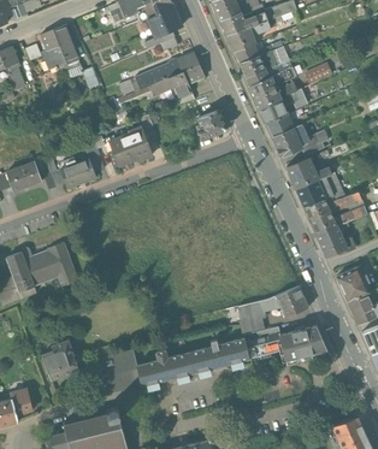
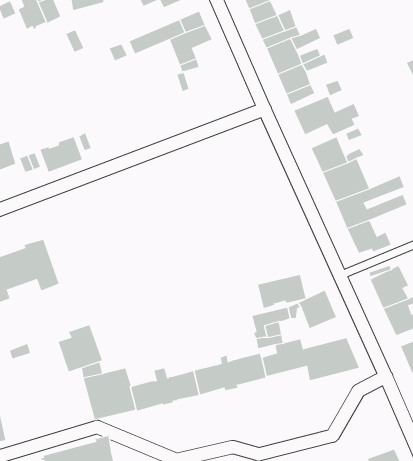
building: [196,110,226,138] -> none
building: [112,128,149,165] -> none
building: none -> [258,274,306,309]
building: [42,341,79,380] -> [58,324,103,372]

